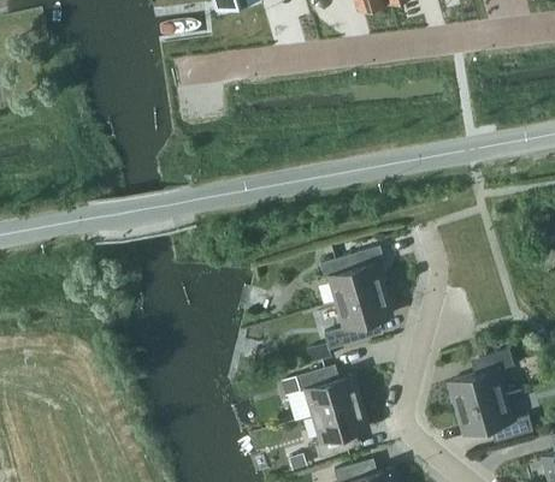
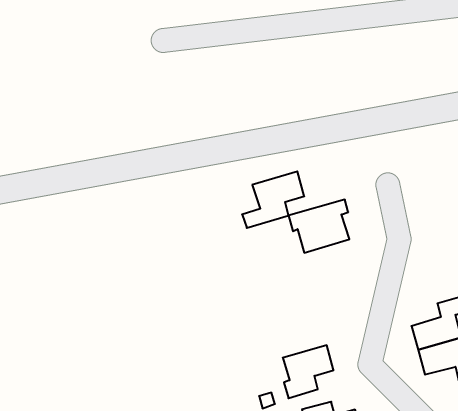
building: [325,290,391,350] -> [242,171,304,228]
building: [295,368,360,416] -> none

